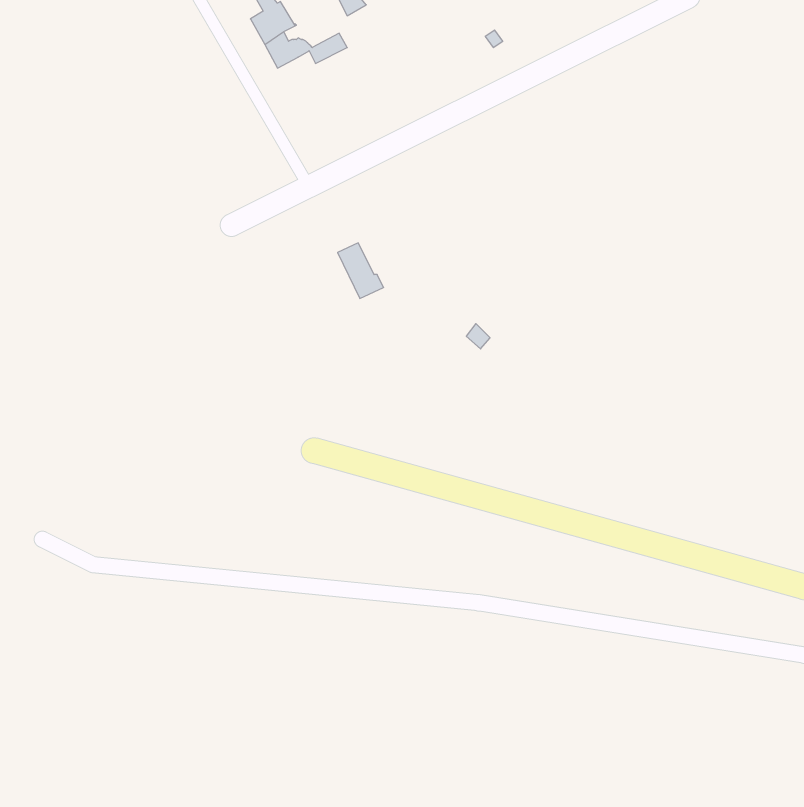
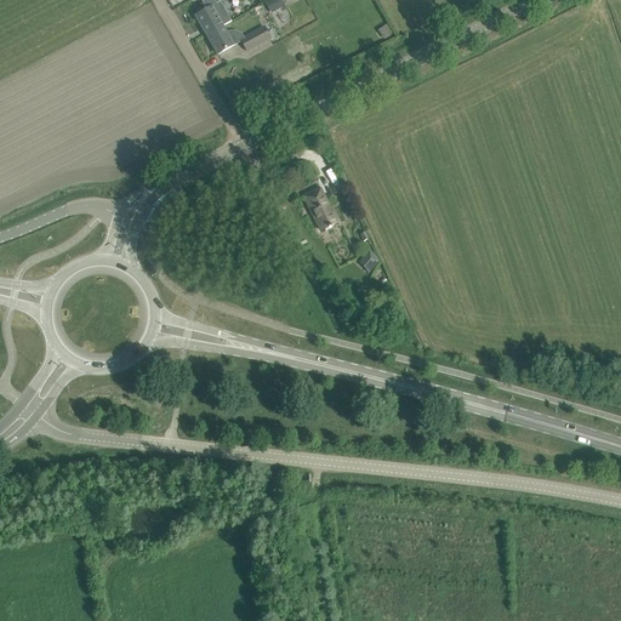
building: [338,243,384,298] -> [302,187,337,229]

